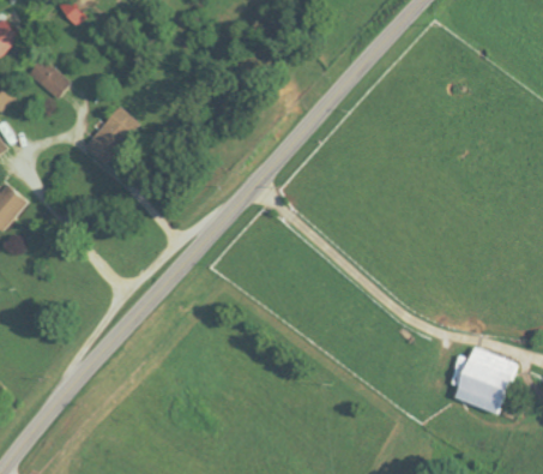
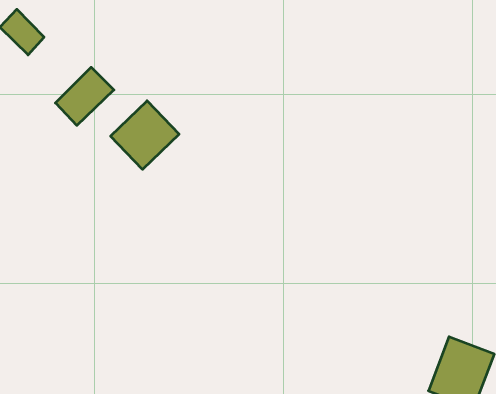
building: none -> [111,101,179,169]

